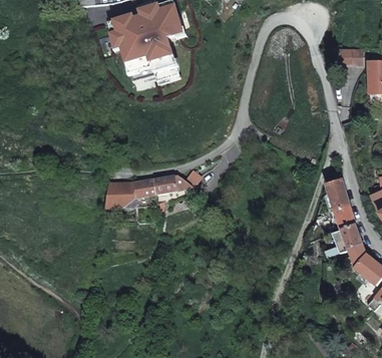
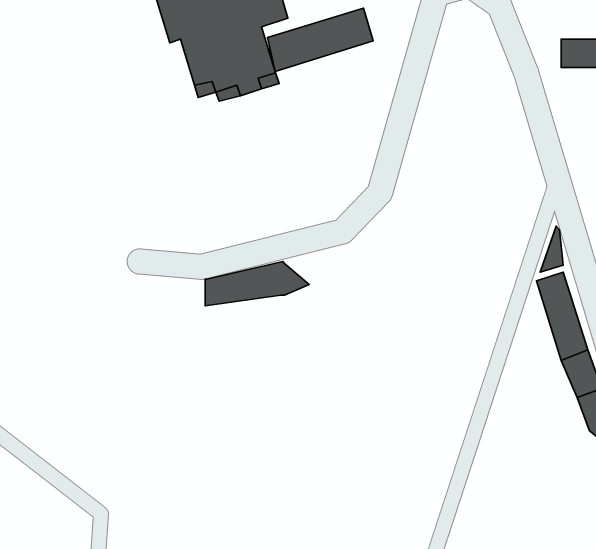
building: none -> [267,8,373,72]
building: [110,181,136,206] -> none

